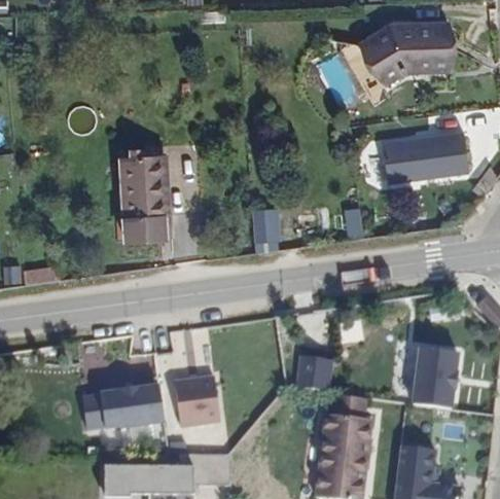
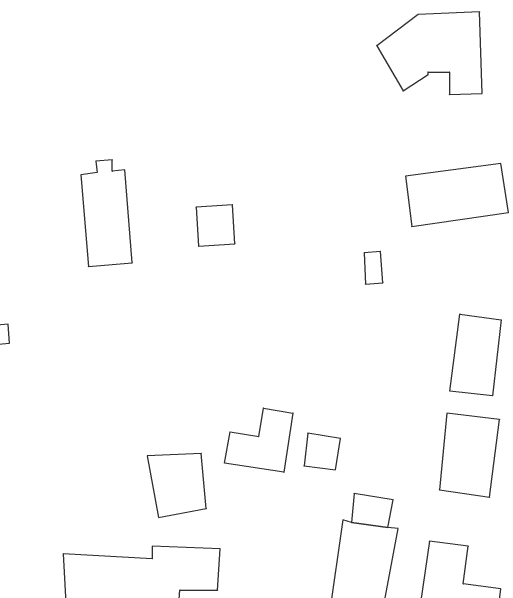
building: [250,211,282,245] -> [196,205,235,246]
building: [122,218,168,247] -> none
building: none -> [450,314,501,396]
building: none -> [225,408,293,472]
building: [87,382,163,430] -> none

